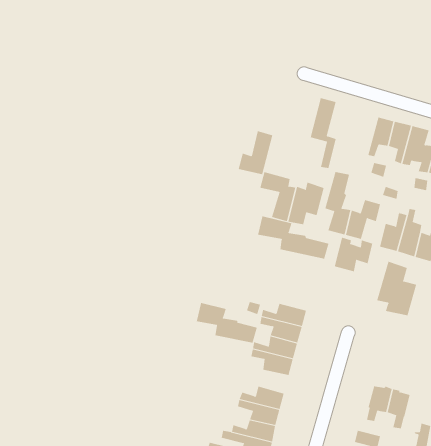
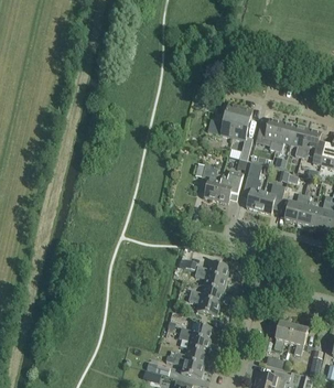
building: none -> [256,118,282,150]
building: [238,131,273,175] -> [213,104,239,137]
building: [258,215,329,259] -> none
building: [334,237,373,272] -> none
building: [376,261,417,316] -> none
building: [196,302,258,343] -> none

